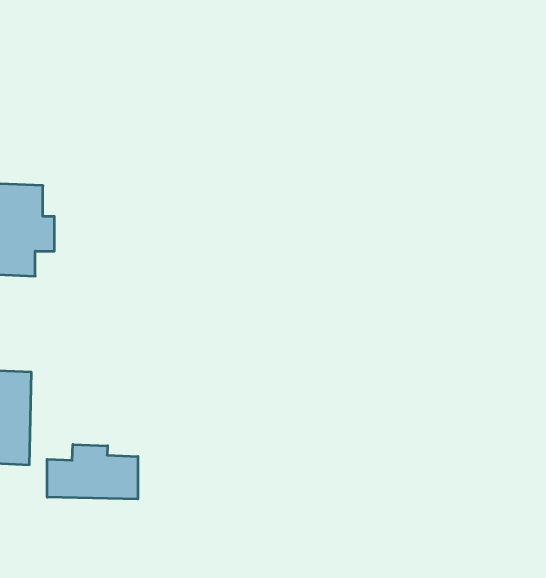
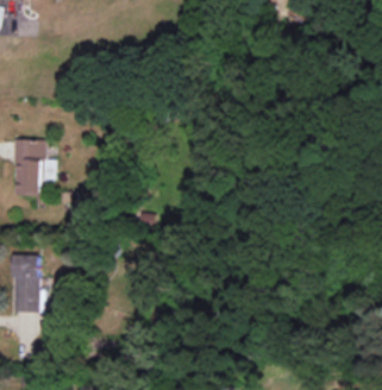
building: [47,444,138,499] -> none

